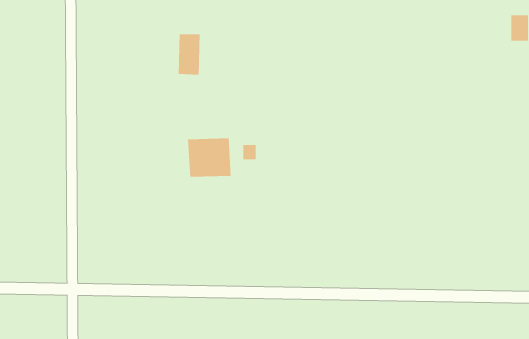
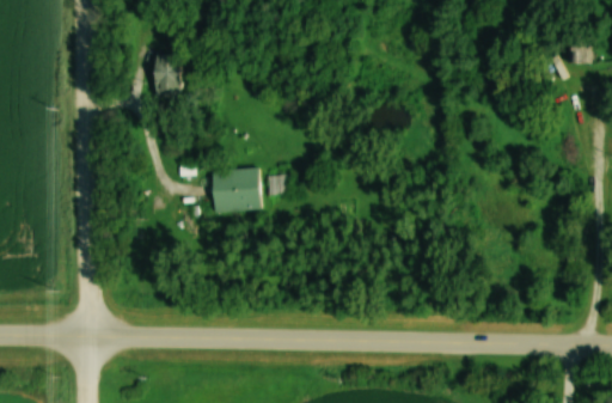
building: [178,33,201,76] -> [155,53,180,99]

